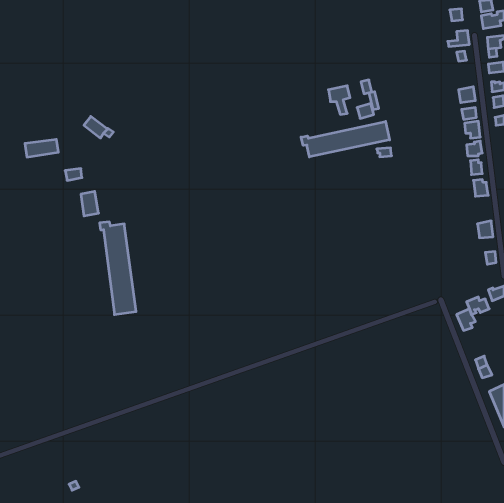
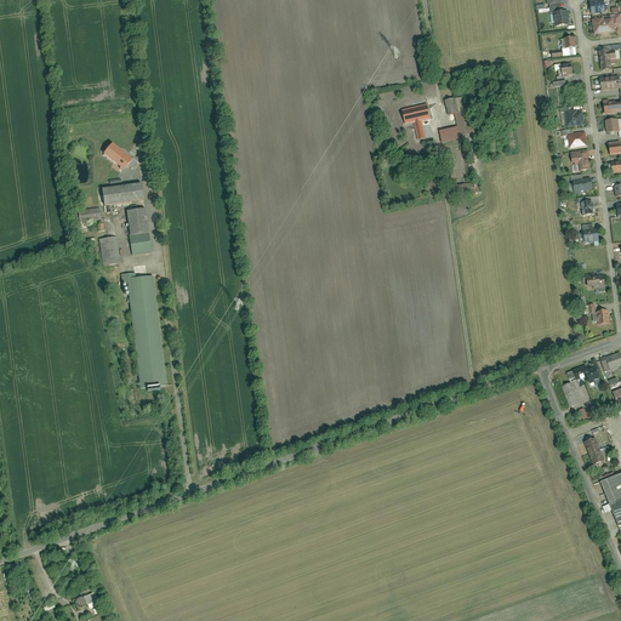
building: [301,121,390,157] -> none
building: [25,139,58,157] -> [102,183,143,205]
building: none -> [126,207,152,255]

